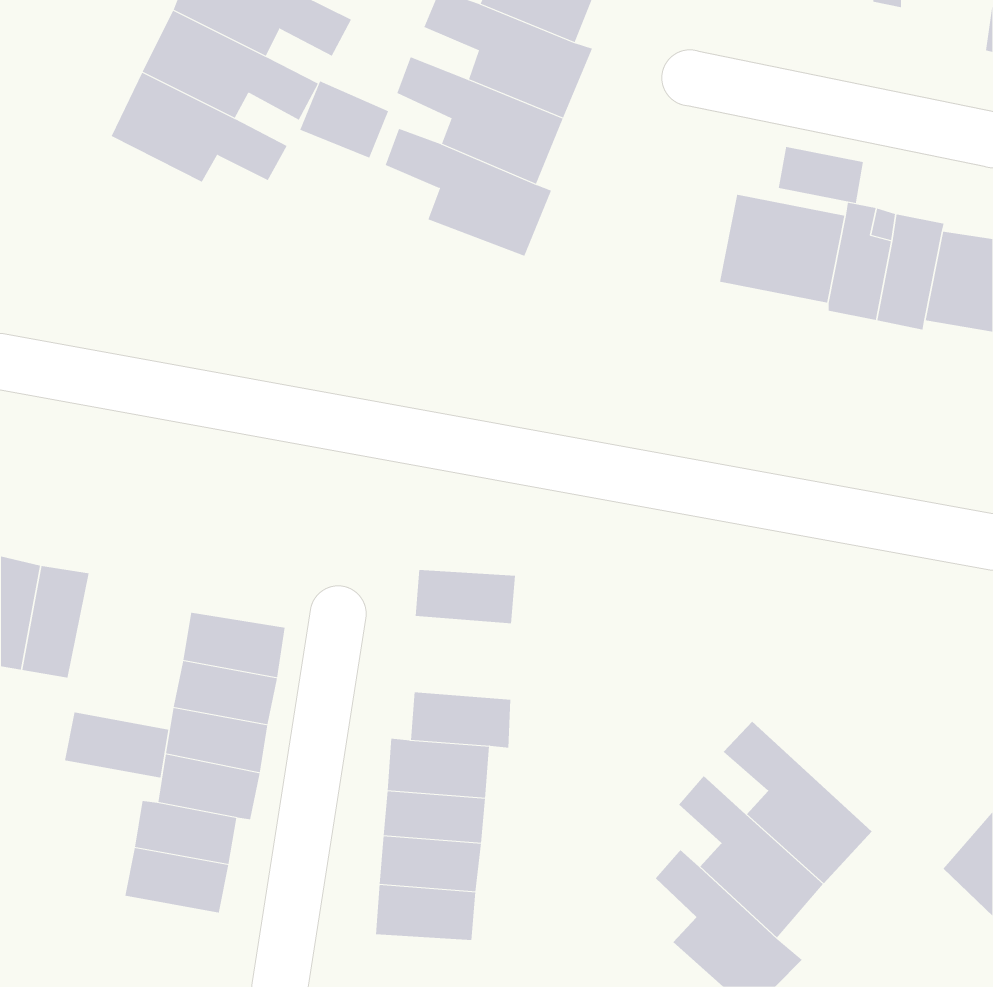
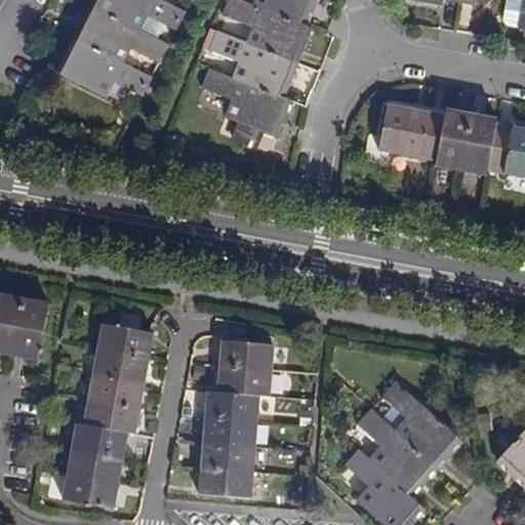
building: [300,81,389,159] -> none
building: [778,146,863,204] -> none
building: [415,570,516,624] -> [218,340,272,369]
building: [64,712,169,778] -> [60,473,116,508]

